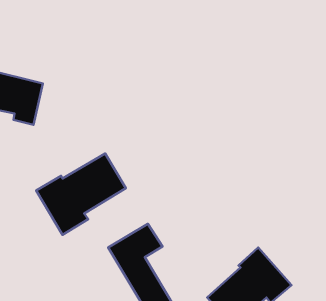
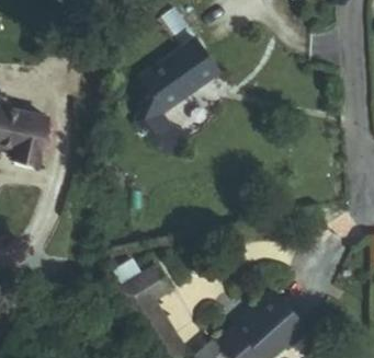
building: none -> [136,39,219,158]
building: [36,153,126,235] -> none

